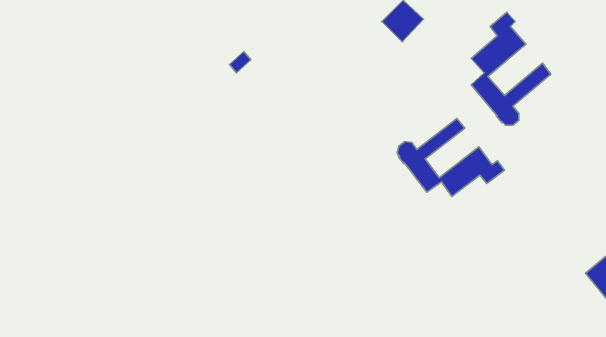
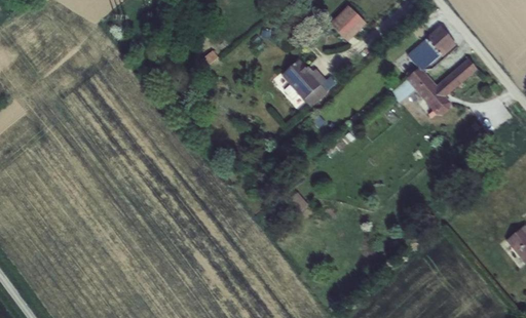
building: none -> [283,61,328,107]
building: [397,118,505,197] -> none

